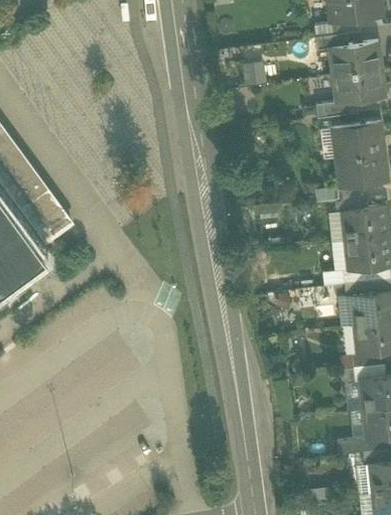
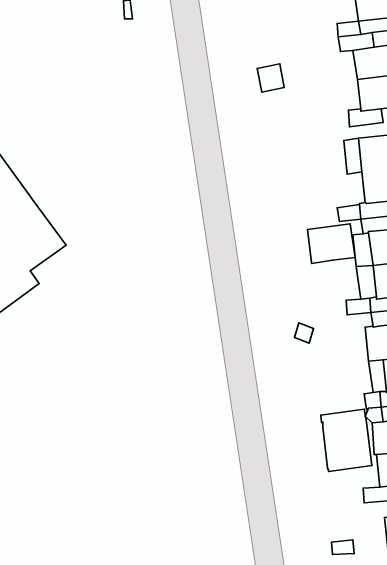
building: none -> [308,224,355,264]
building: none -> [321,409,372,472]

